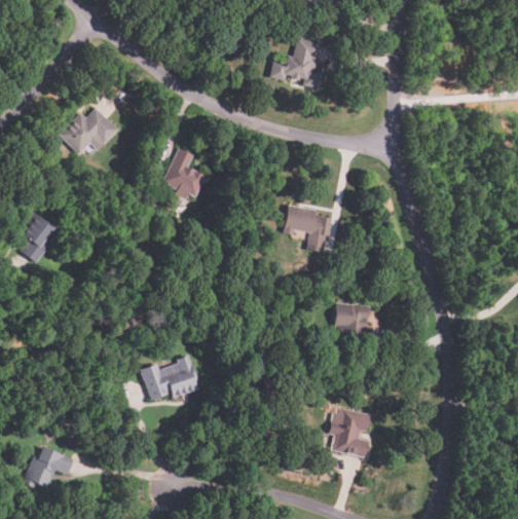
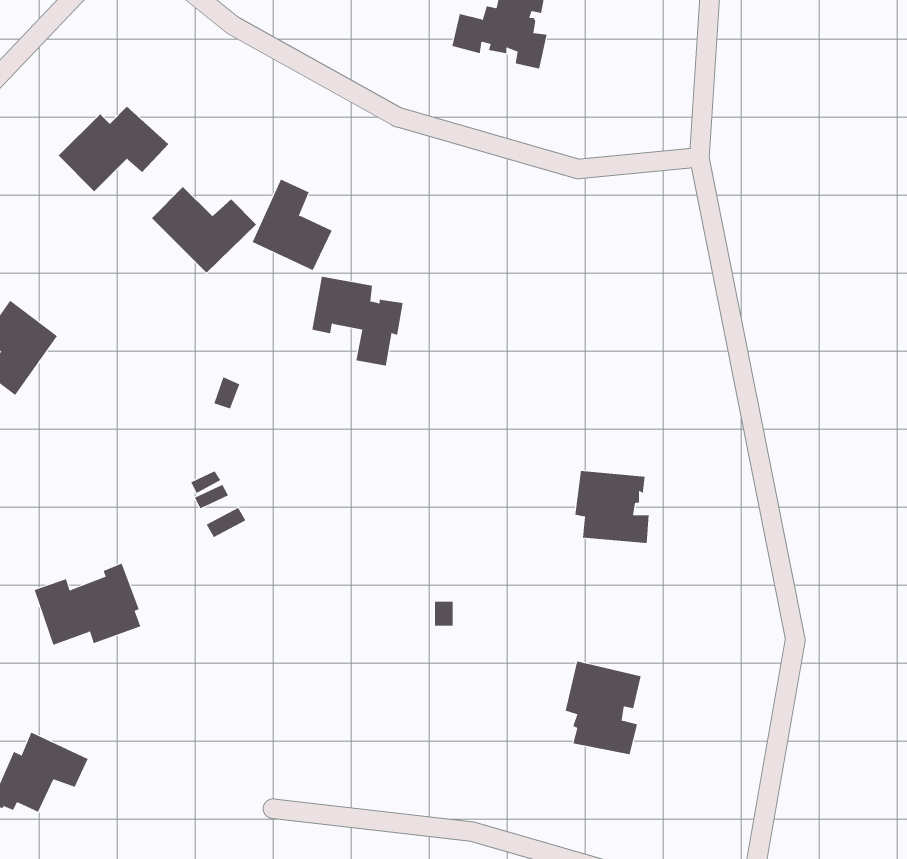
building: none -> [151,186,257,274]
building: [283,203,332,252] -> [311,276,404,366]
building: [142,354,199,398] -> [34,563,141,646]

